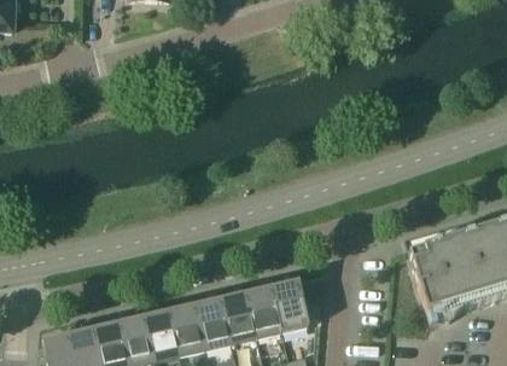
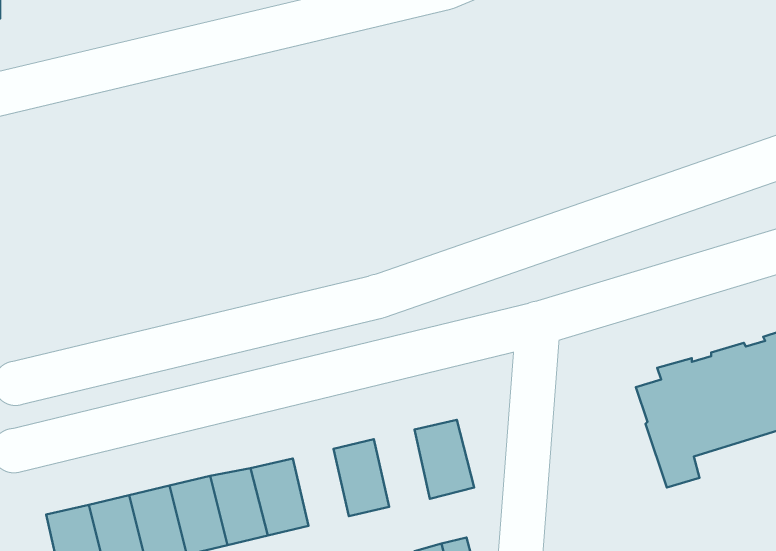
building: [246,287,281,336] -> none
building: [196,300,231,348] -> none

